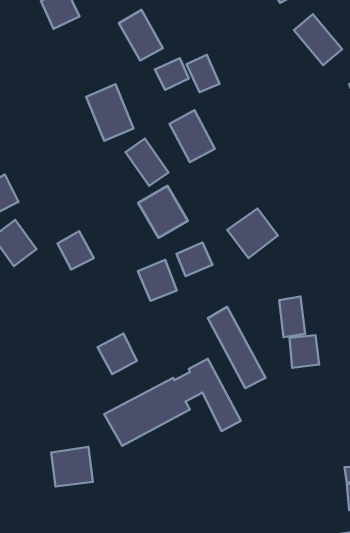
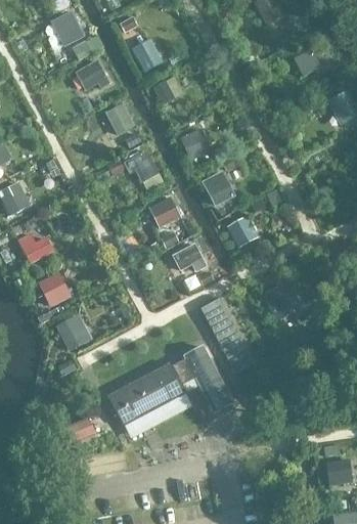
building: none -> [78,57,114,95]
building: [186,55,219,92] -> none
building: none -> [204,170,236,205]
building: [58,231,94,270] -> [39,271,72,306]
building: [138,260,177,301] -> none
building: [97,334,137,374] -> [56,313,92,350]
building: [289,335,319,368] -> none

